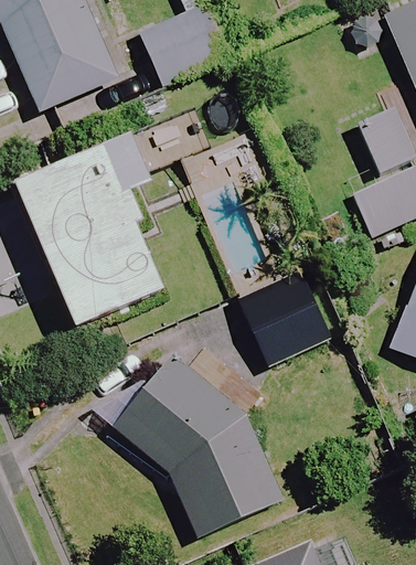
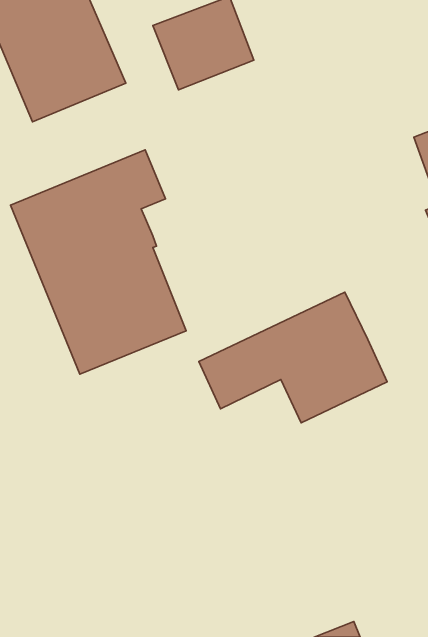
building: [116,354,278,535] -> none

